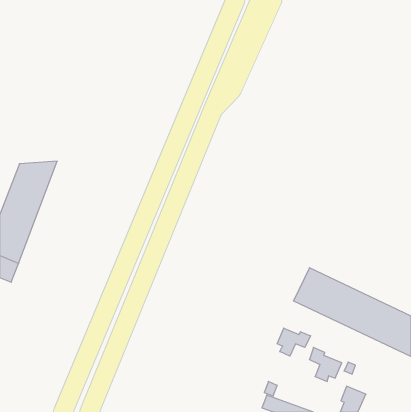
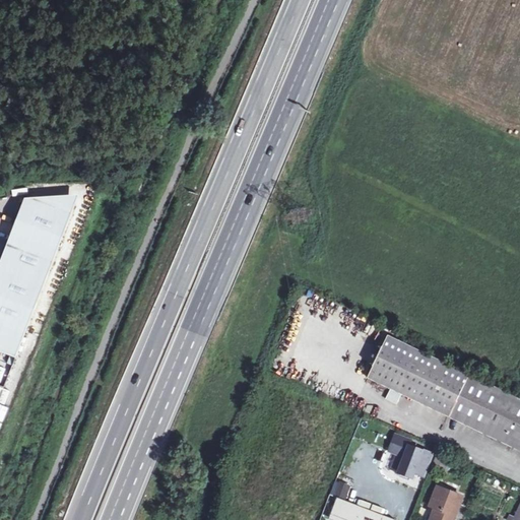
building: [277,328,311,356] -> none

